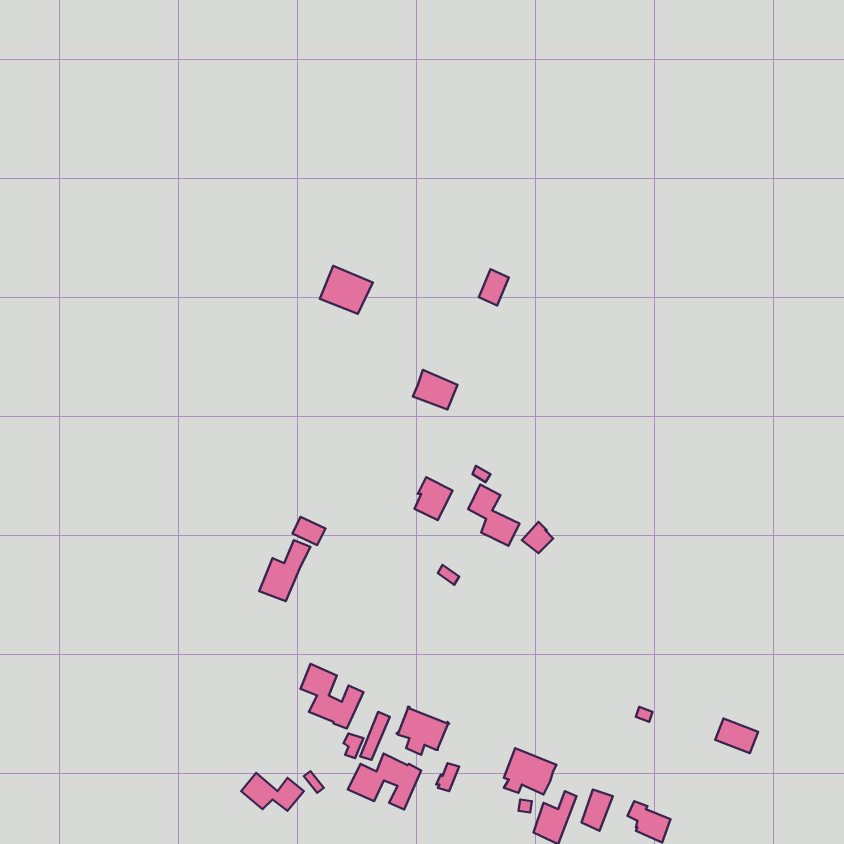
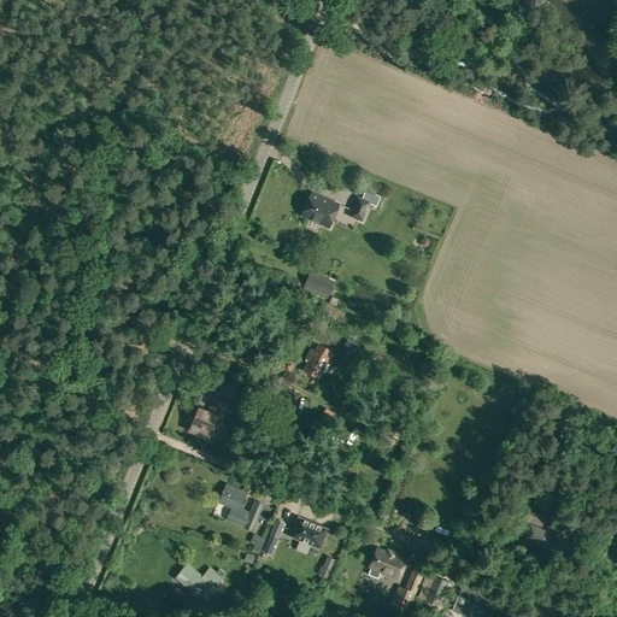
building: [320,266,373,314] -> [301,193,340,228]
building: [468,485,520,546] -> none
building: [348,753,421,810] -> none

